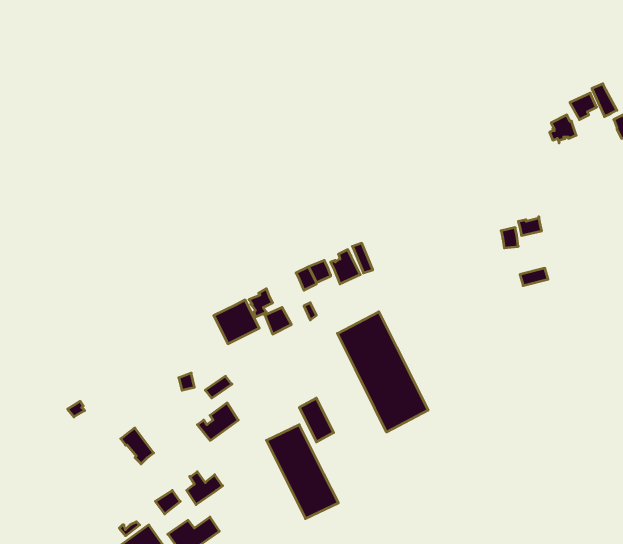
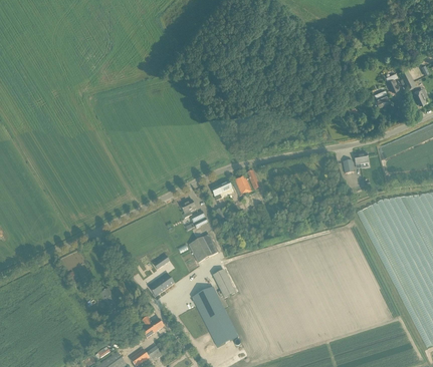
building: [214,300,259,344] -> [189,234,218,262]
building: [337,312,428,432] -> none

